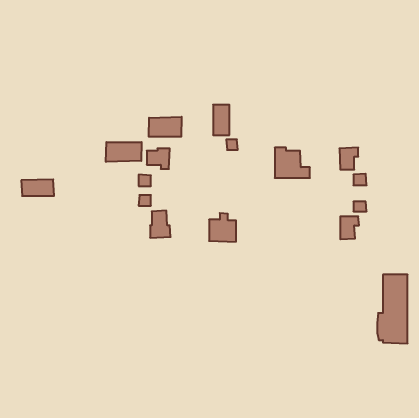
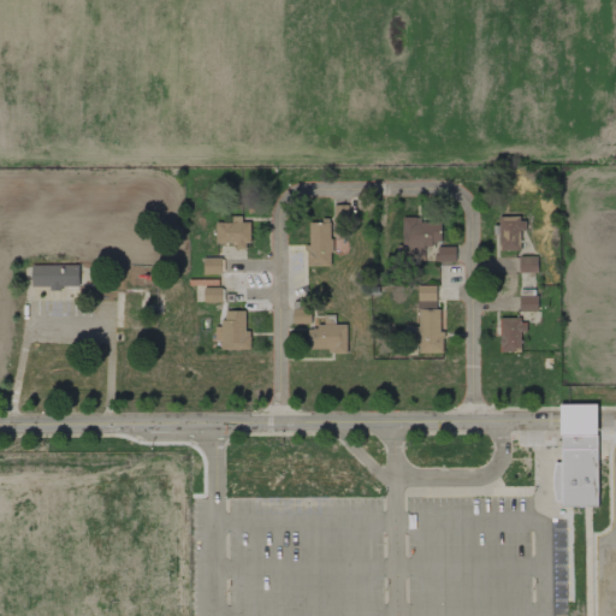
building: [213,105,229,135] -> [307,220,331,265]
building: [149,117,182,137] -> none
building: [106,142,142,162] -> none
building: none -> [415,284,439,355]

